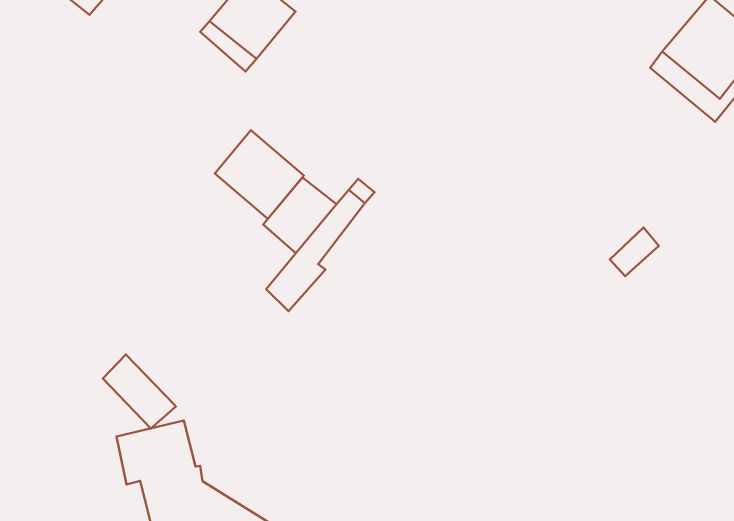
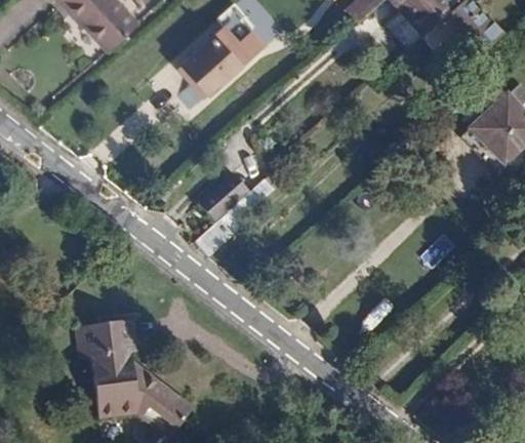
building: [215,130,304,219] -> none
building: [103,355,176,428] -> none

